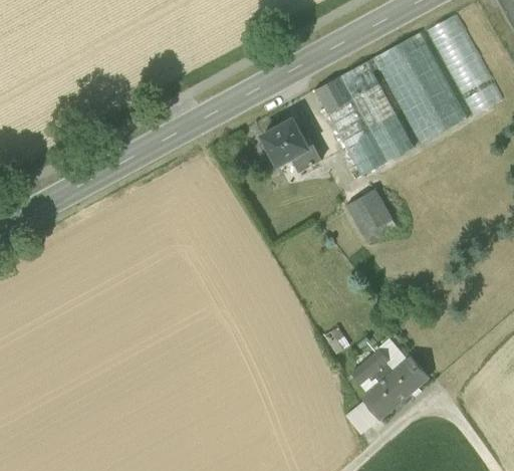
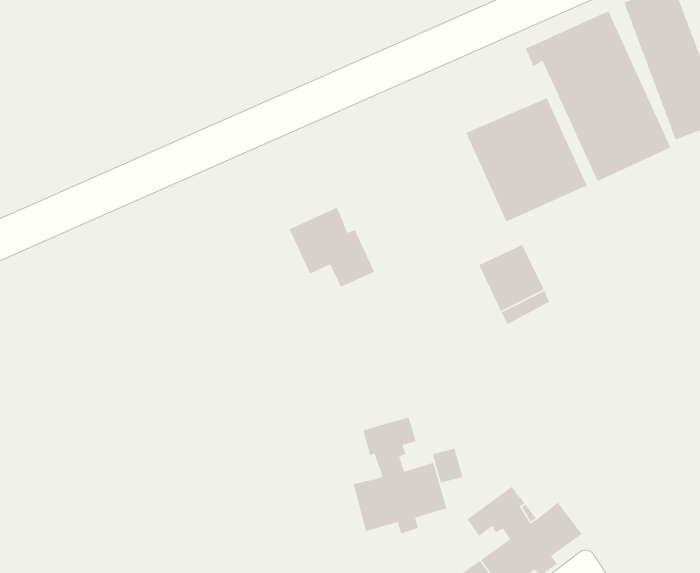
building: [313,60,382,119] -> none
building: [261,119,320,172] -> [288,206,375,288]
building: none -> [353,416,447,534]

